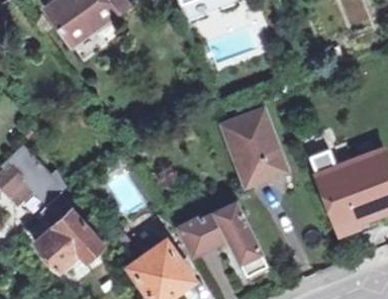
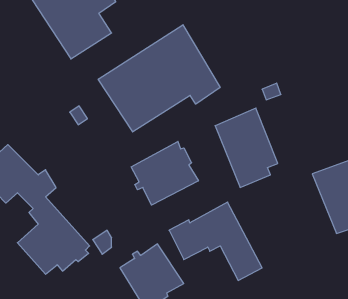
building: none -> [98,25,220,132]
building: none -> [131,141,198,205]

